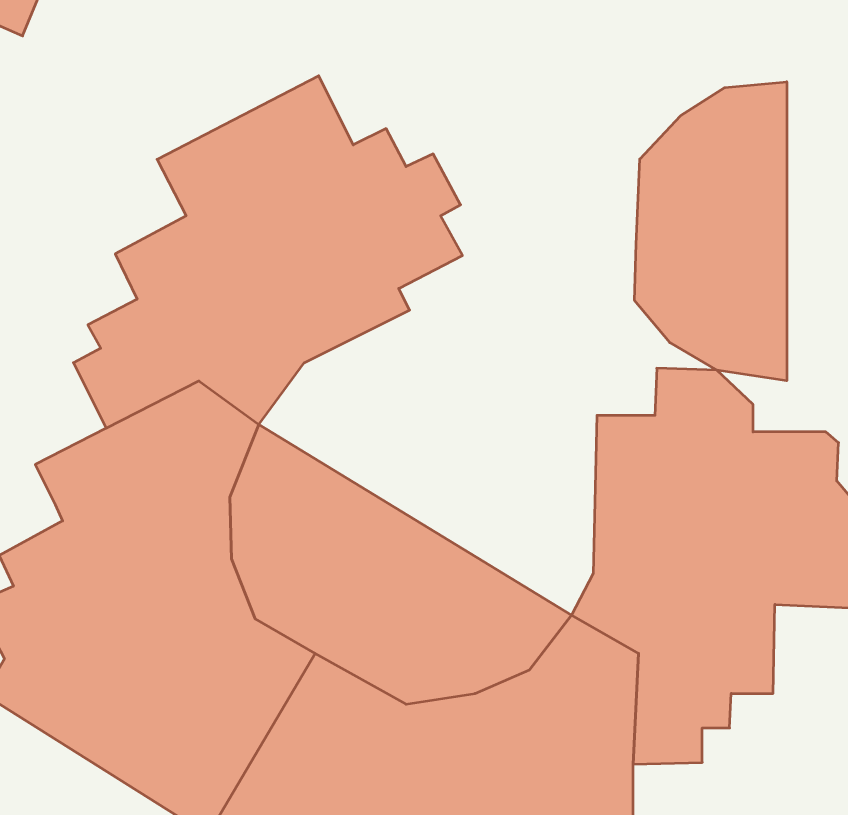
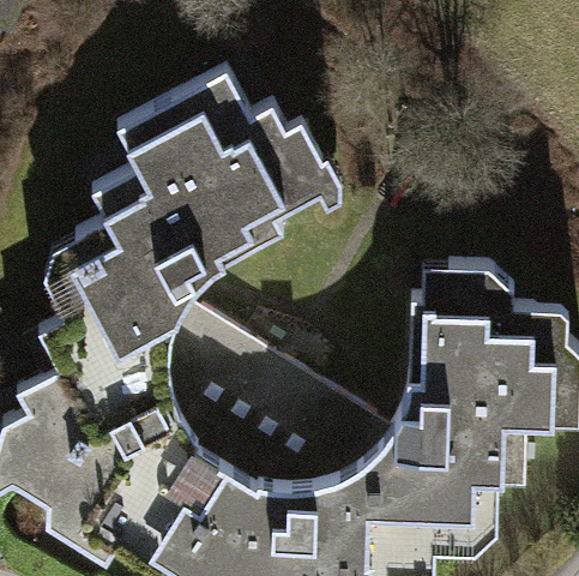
building: [635,82,787,381] -> none

